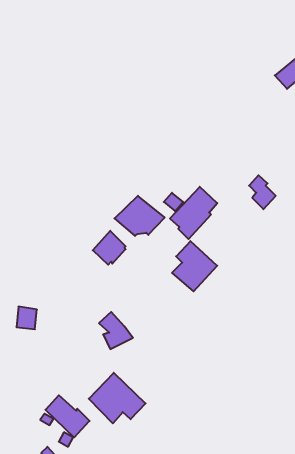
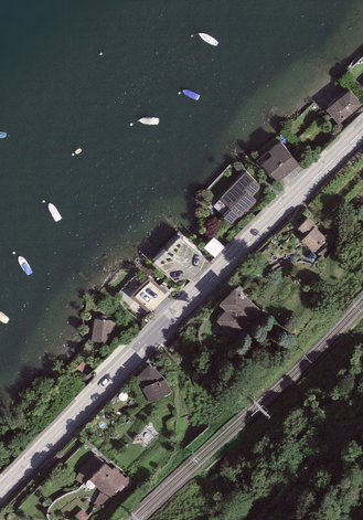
building: none -> [260,141,298,182]
building: [170,187,217,239] -> [212,171,263,227]
building: [16,307,37,329] -> [90,318,113,342]
building: [89,373,146,423] -> none

